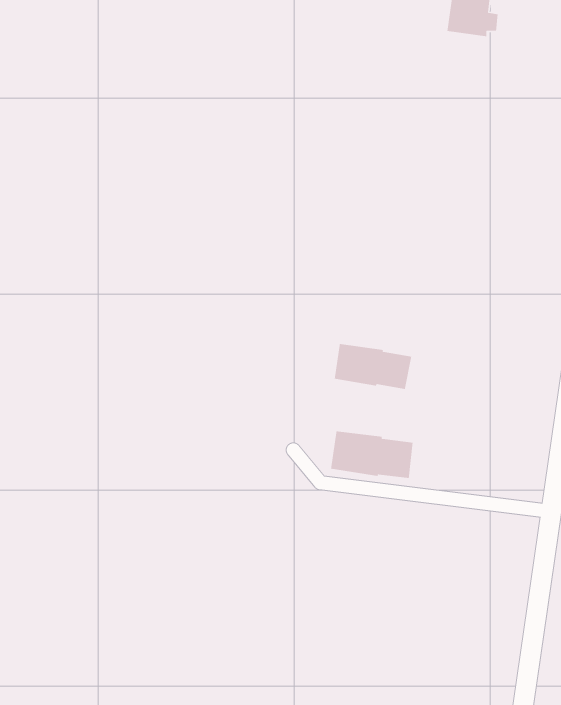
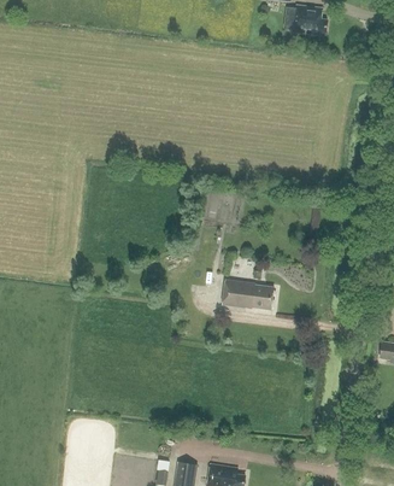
building: [334,343,412,390] -> none

